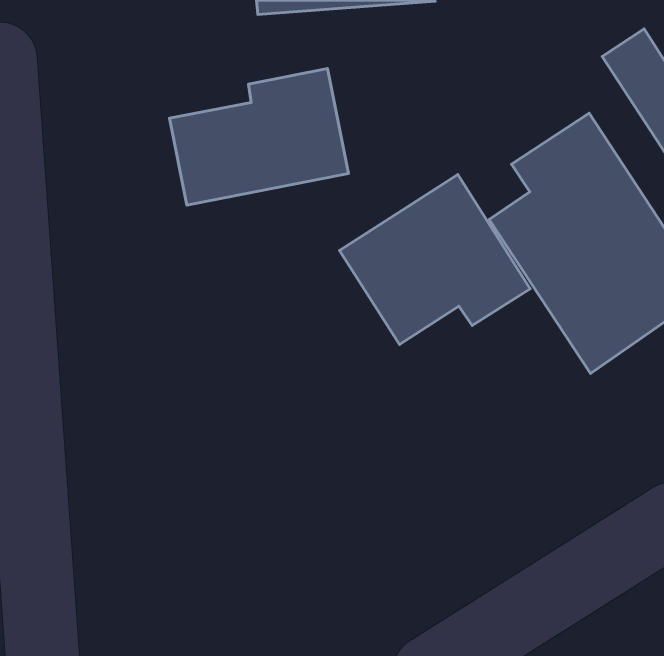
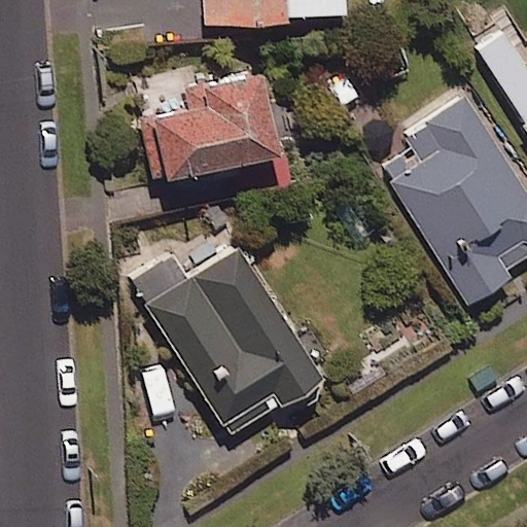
building: [340,175,530,345] -> none
building: none -> [135,248,321,436]

